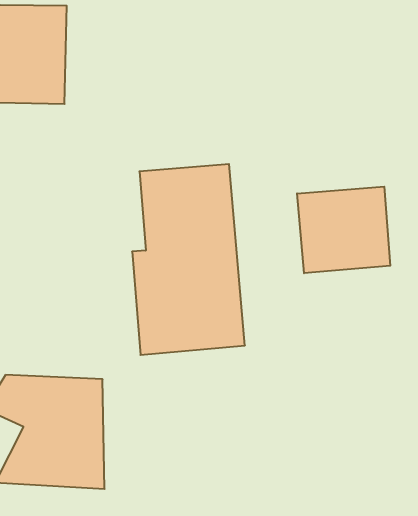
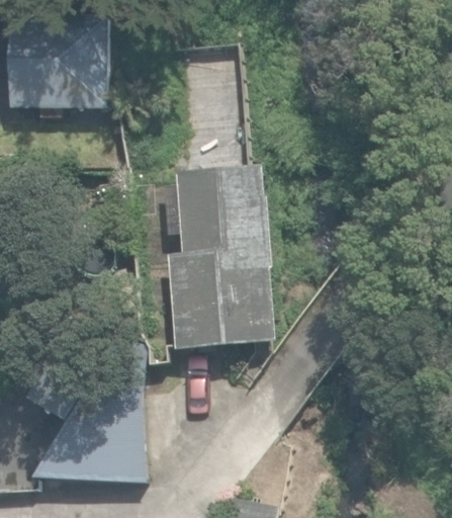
building: [297,187,390,273] -> none

